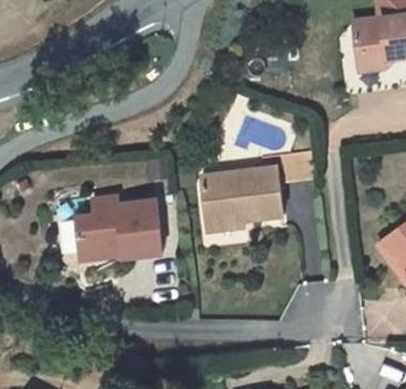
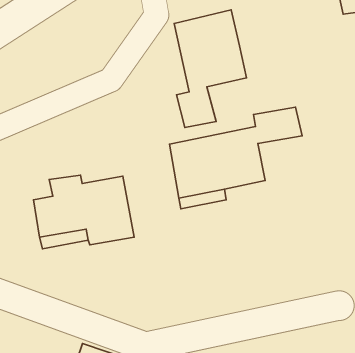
building: none -> [174,10,246,128]

